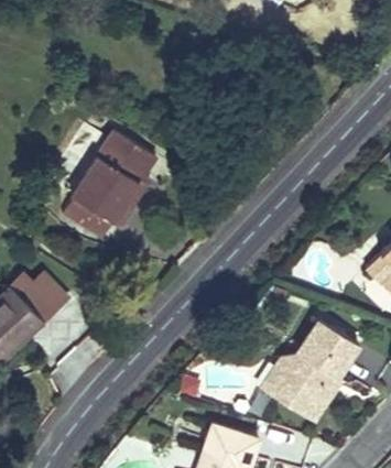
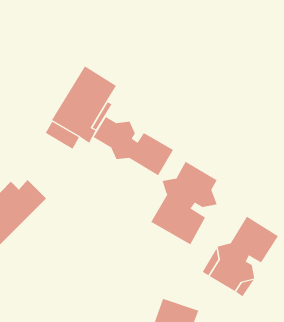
building: none -> [93,116,174,176]
building: none -> [151,161,217,245]

